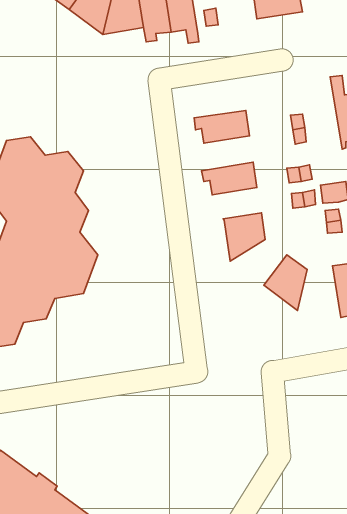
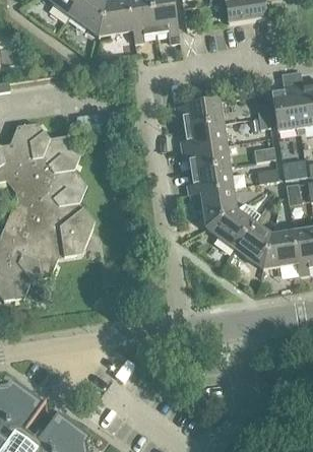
building: none -> [271,71,301,132]
building: none -> [181,121,226,150]
building: none -> [188,165,233,194]
building: none -> [206,201,260,247]
building: none -> [263,231,298,268]

